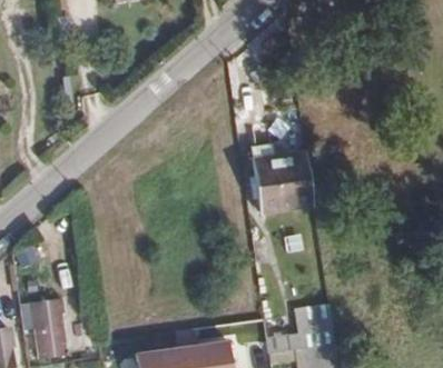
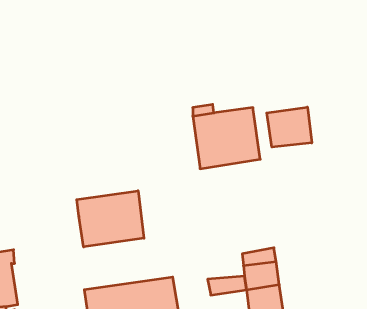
building: none -> [267,107,312,147]
building: none -> [77,191,144,247]

